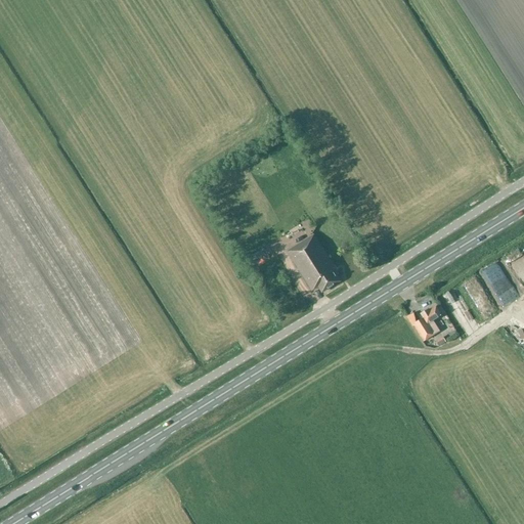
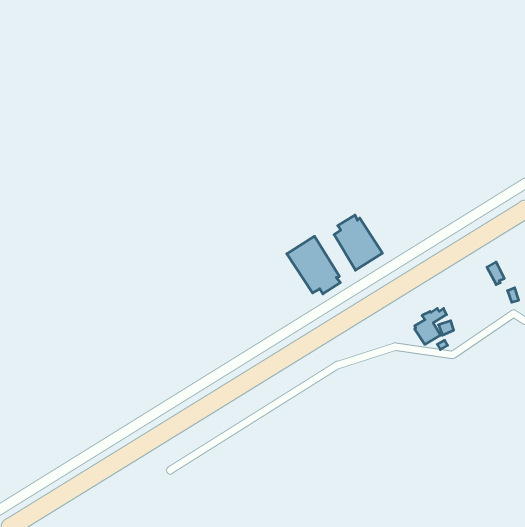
building: none -> [334,215,382,270]

